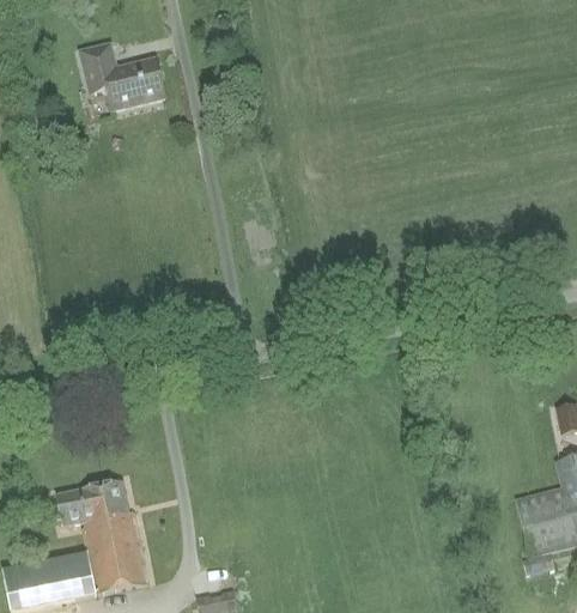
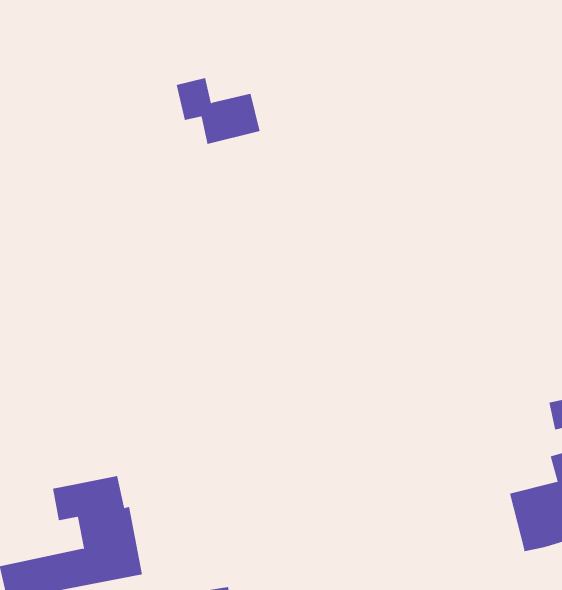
building: [80,43,165,110] -> [176,78,261,144]

